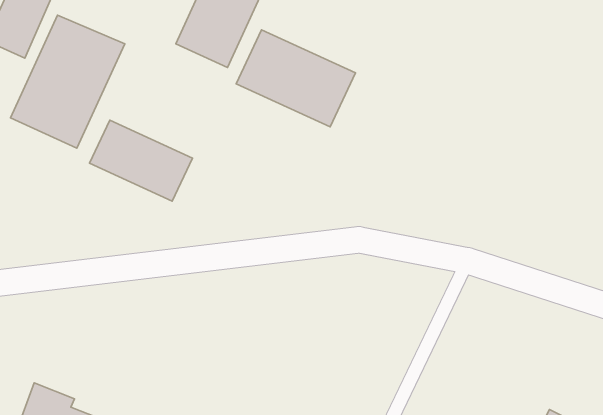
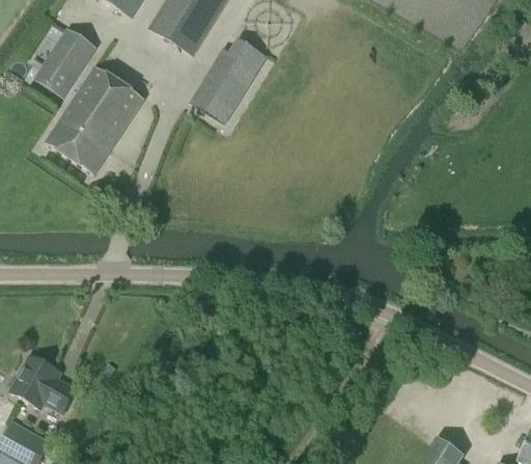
building: [236,30,355,127] -> none
building: [90,120,192,201] -> none

